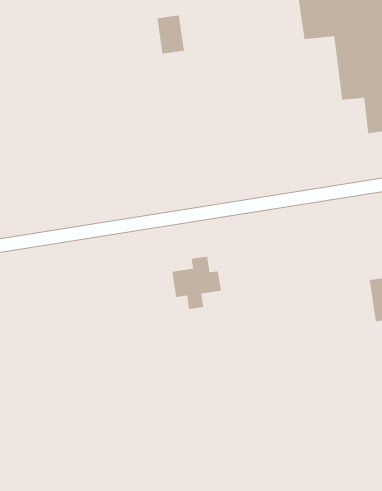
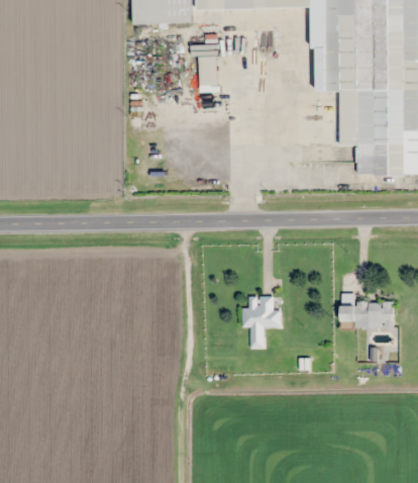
building: [171,256,222,310] -> [242,298,281,340]

